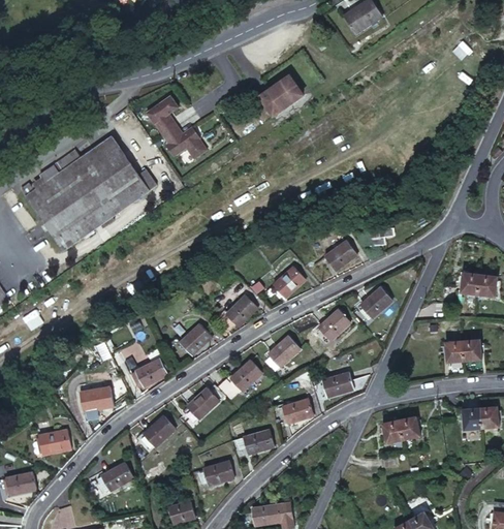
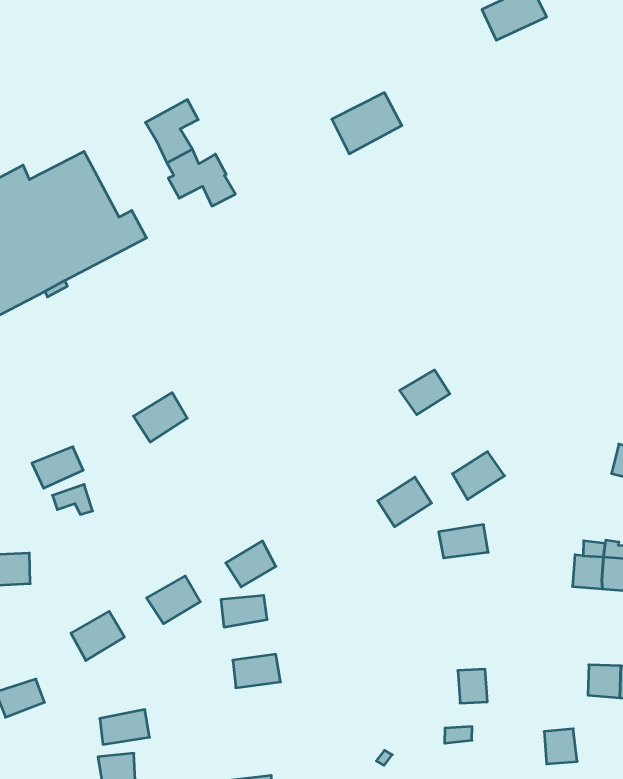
building: [274,267,307,297] -> none
building: [228,293,259,324] -> none
building: [180,323,213,355] -> [133,393,187,442]
building: [269,336,302,368] -> none
building: [134,357,166,385] -> [32,447,83,488]
building: [322,374,354,398] -> [439,525,488,558]
building: [284,402,314,425] -> [221,595,267,627]
building: [399,416,421,440] -> [544,729,577,764]
building: [202,460,234,485] -> [100,710,150,744]

